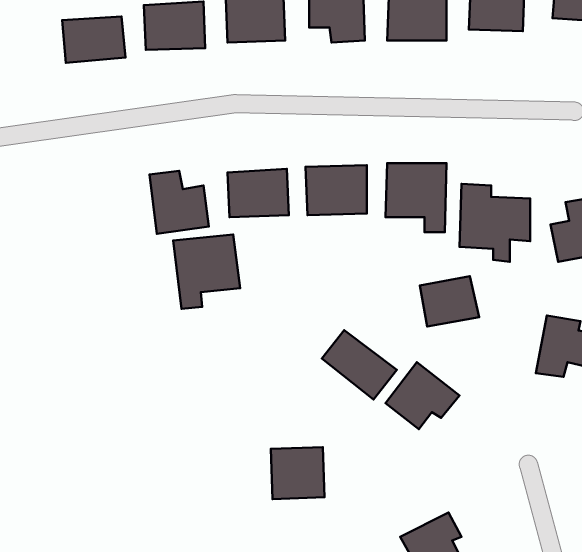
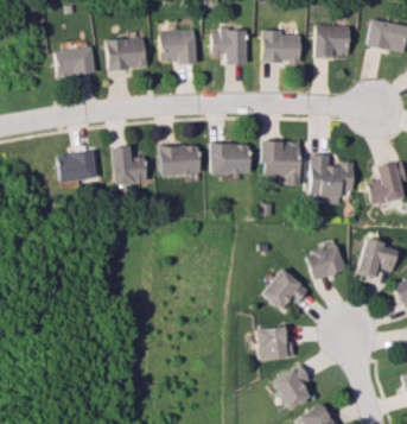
building: none -> [58,152,95,182]
building: [173,235,240,309] -> none
building: [420,276,479,326] -> [306,246,344,278]
building: [322,330,397,399] -> none
building: [271,447,325,499] -> [256,327,291,360]

